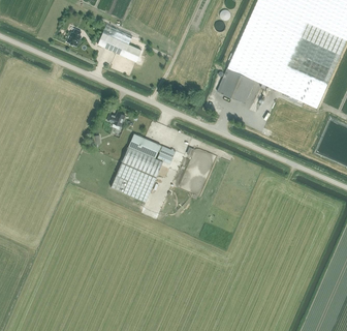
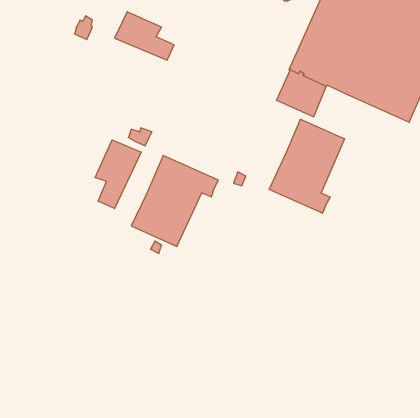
building: none -> [269,119,345,213]
building: none -> [95,140,141,209]

